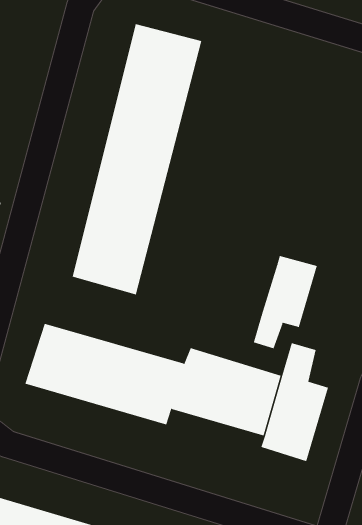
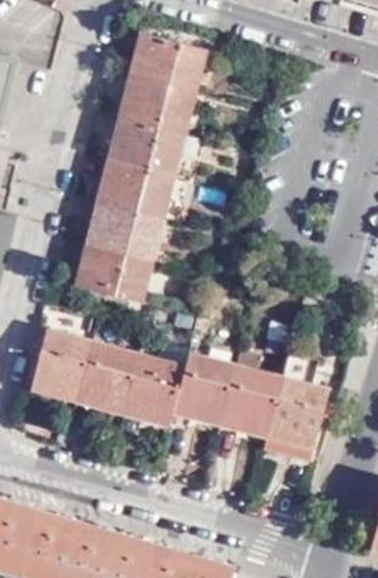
building: [253,255,318,349] -> none

